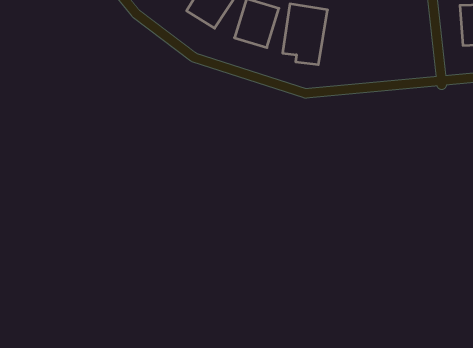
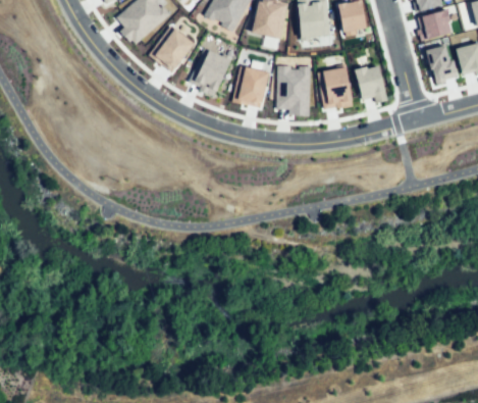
building: none -> [319,66,353,109]
building: none -> [356,64,387,102]

